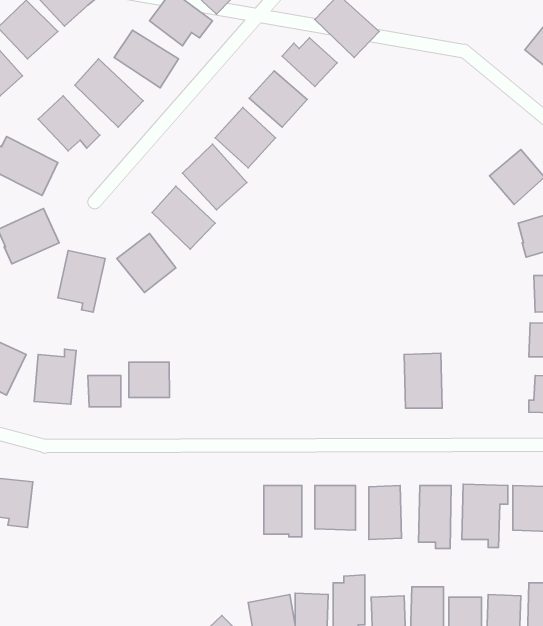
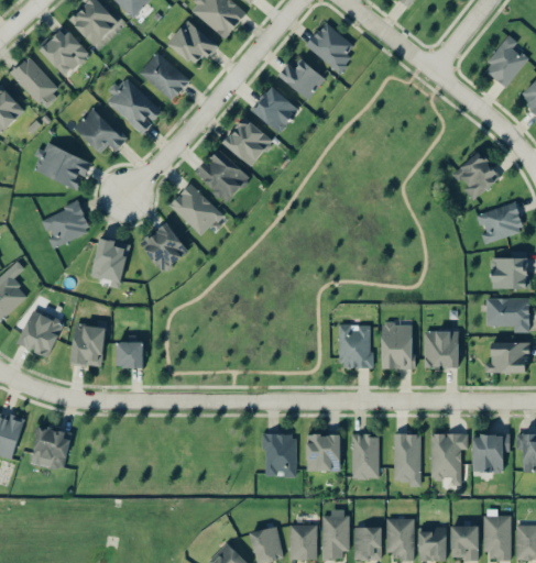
building: none -> [339,323,371,367]
building: [129,362,169,398] -> none
building: none -> [424,330,459,367]

